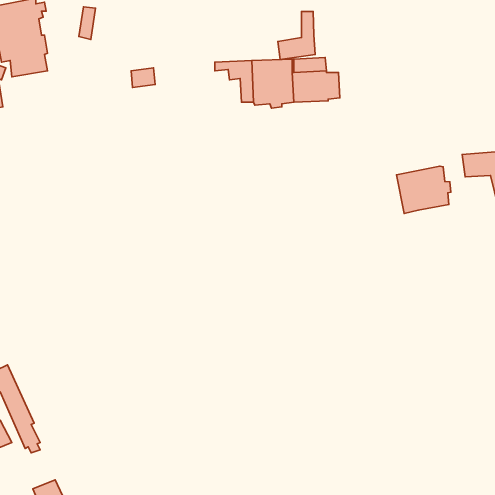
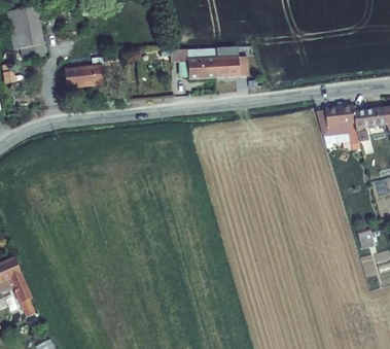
building: [278,11,315,59] -> none
building: none -> [62,63,101,89]
building: [397,166,451,213] -> none

